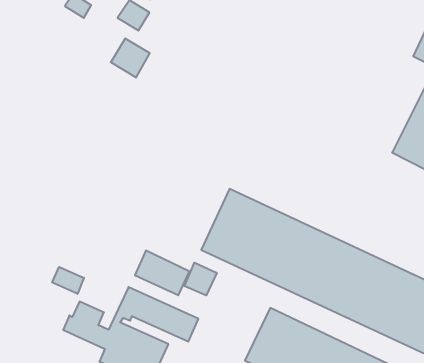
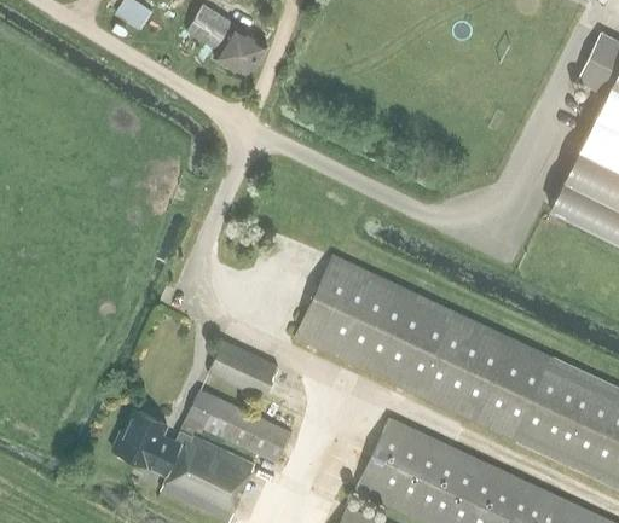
building: [111,38,150,78] -> [214,25,266,77]
building: [184,263,217,295] -> none
building: [52,267,84,294] -> none

